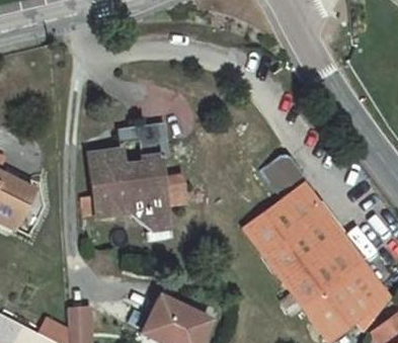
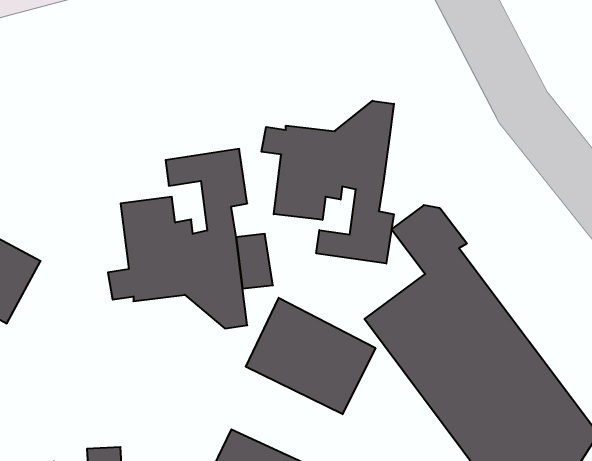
building: none -> [261,101,394,264]
building: none -> [246,298,375,414]

